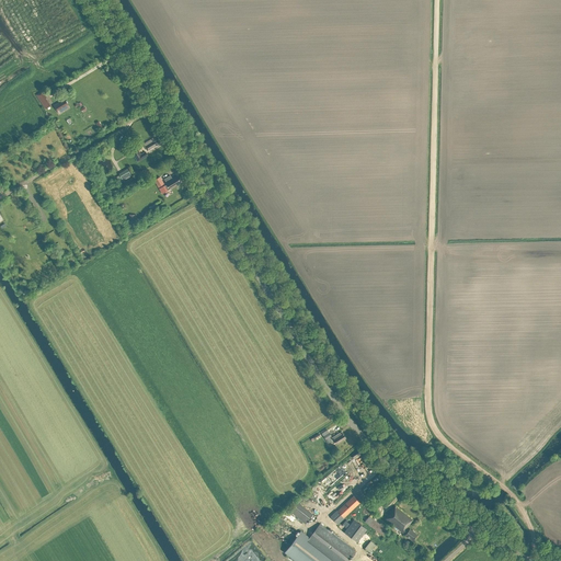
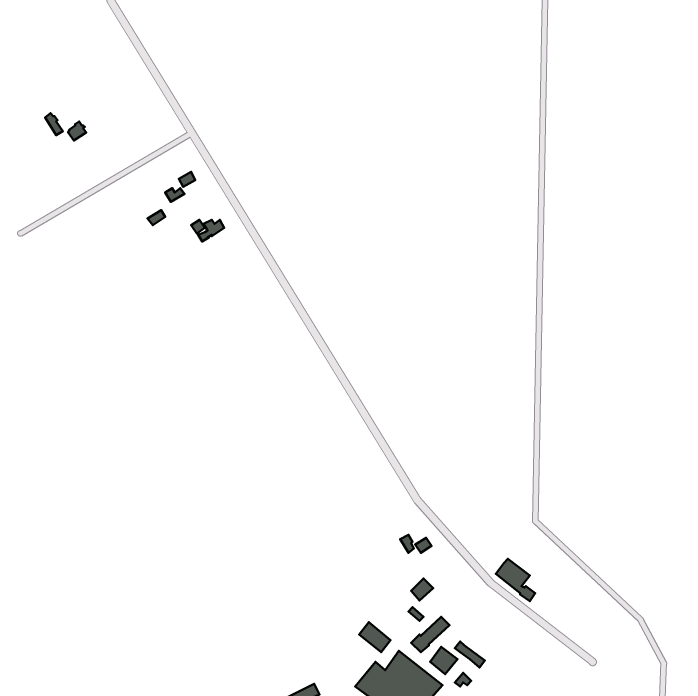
building: [386,507,417,541] -> [496,559,535,601]

